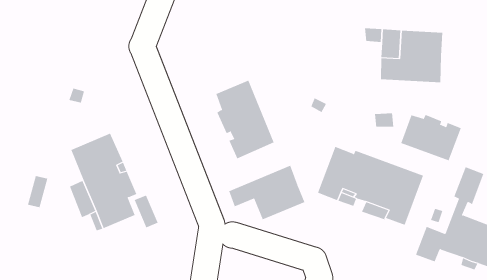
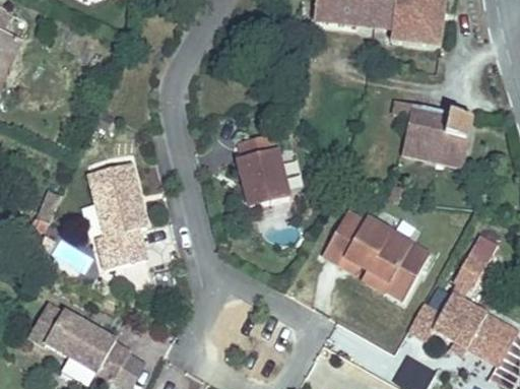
building: [401,114,462,161] -> none
building: [229,165,305,220] -> none

